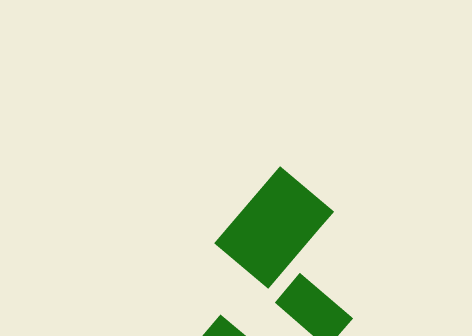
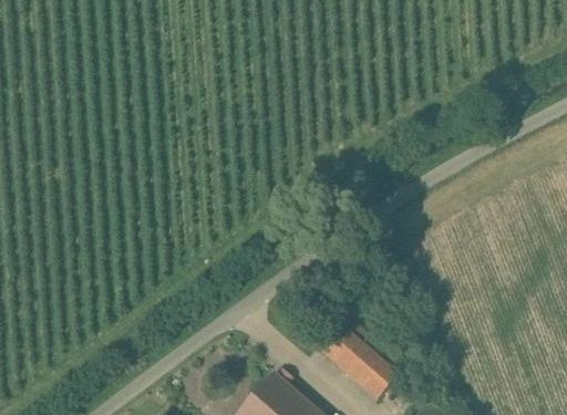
building: [213,165,335,290] -> none

